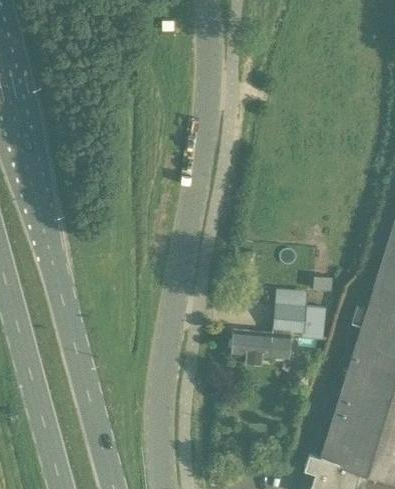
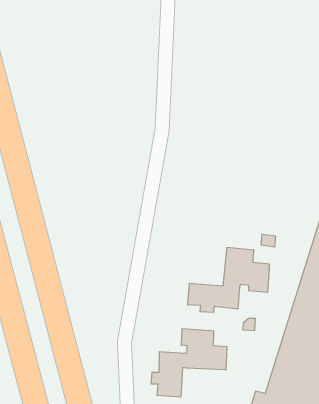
building: none -> [151,328,227,397]

